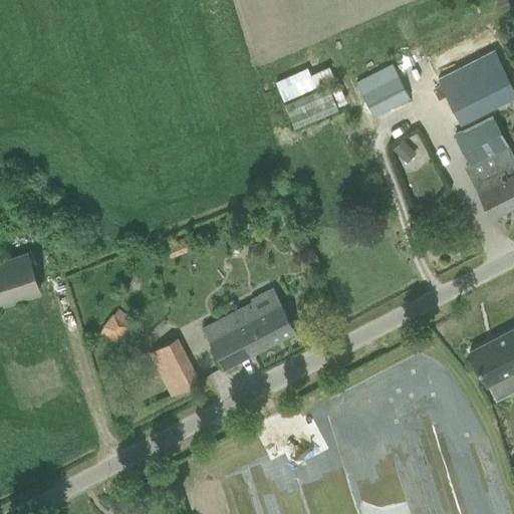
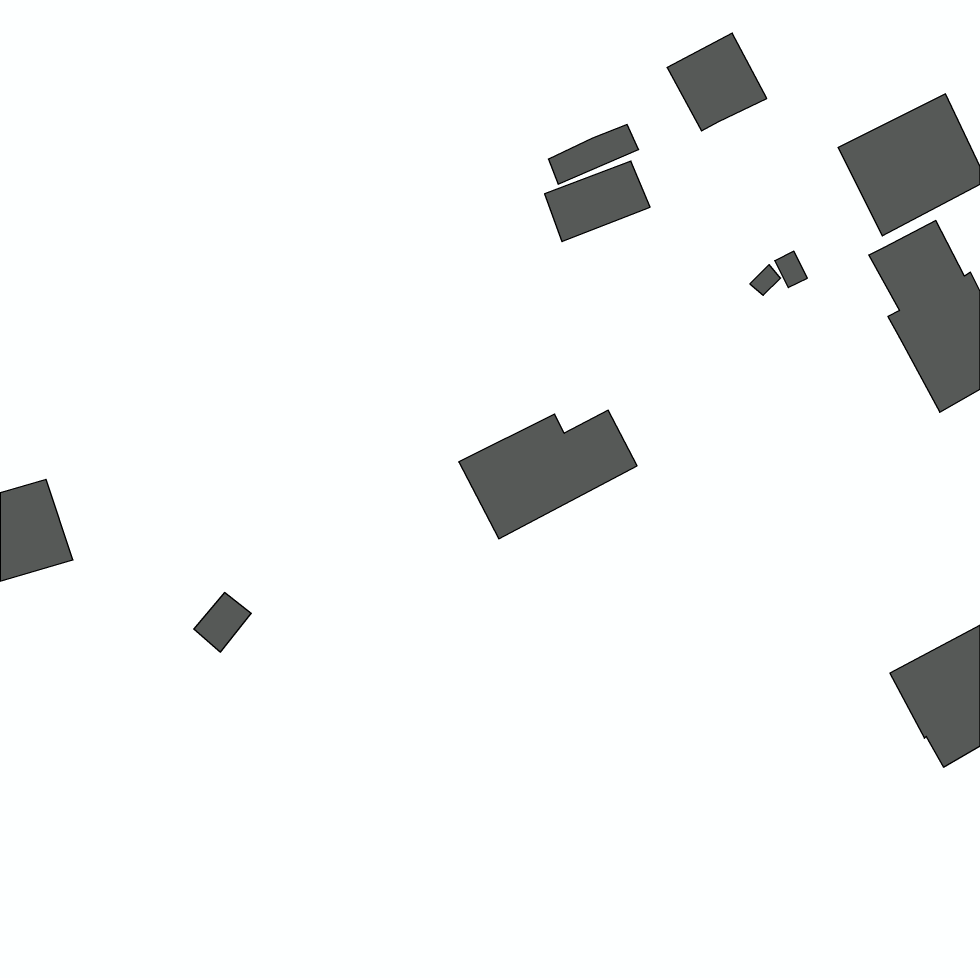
building: [357,64,410,115] -> [667,33,767,131]
building: [203,302,296,369] -> [459,410,637,539]
building: [148,340,199,398] -> none

